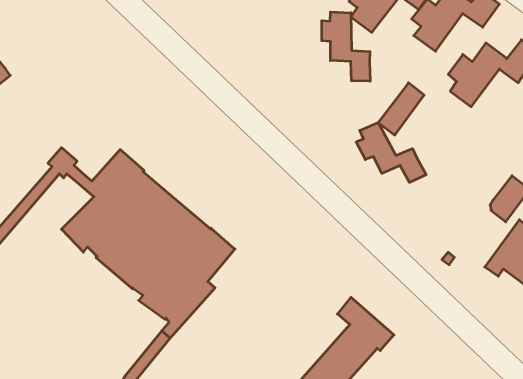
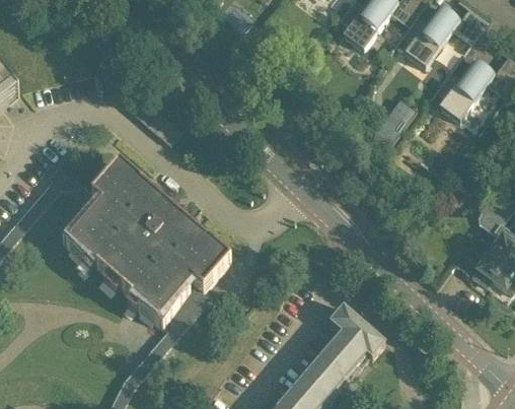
building: [322,12,370,81] -> none
building: [356,122,426,182] -> none

